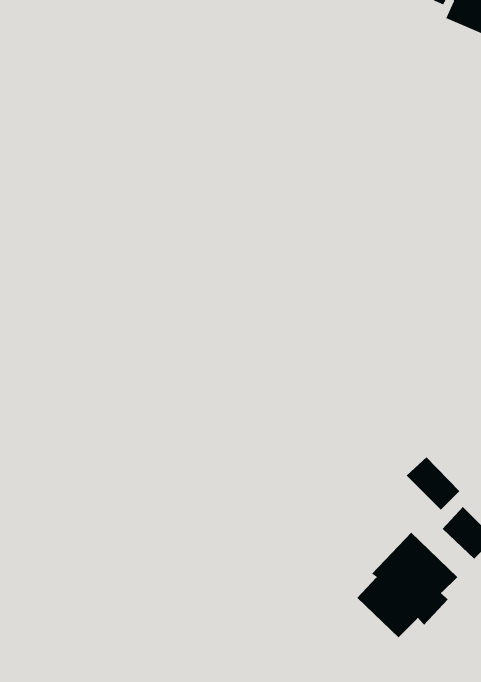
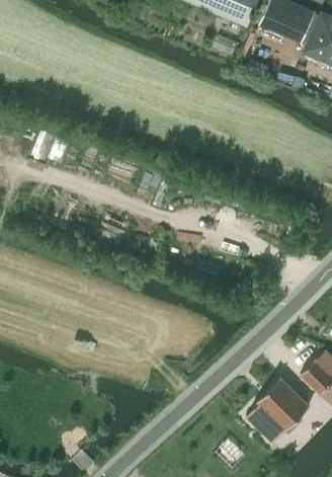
building: [406,456,460,511] -> none

